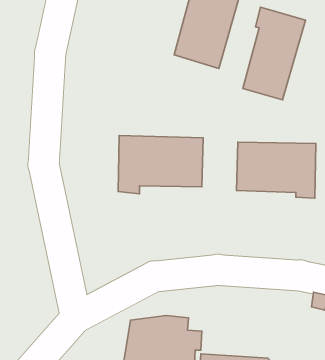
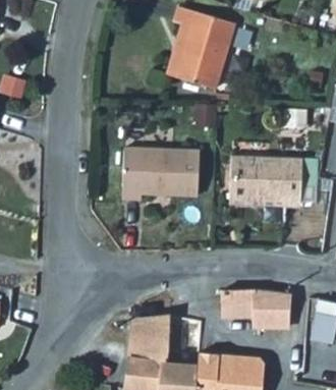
building: [243,7,306,100] -> none
building: none -> [222,287,289,327]

